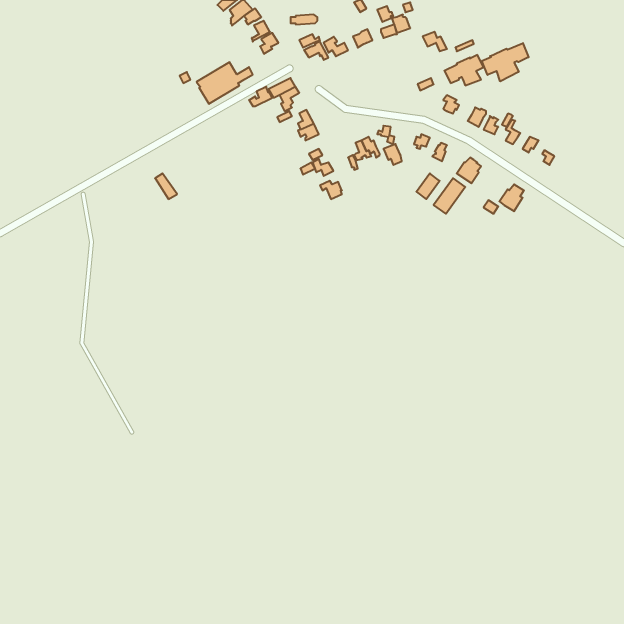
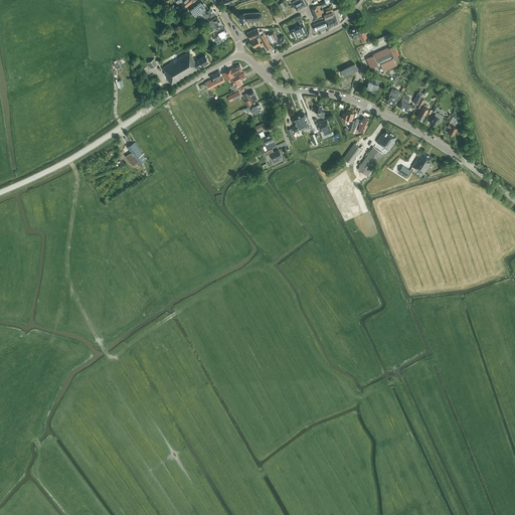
building: [482,43,529,81] -> none

